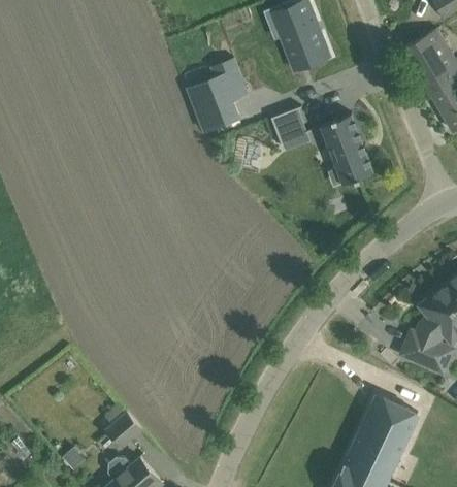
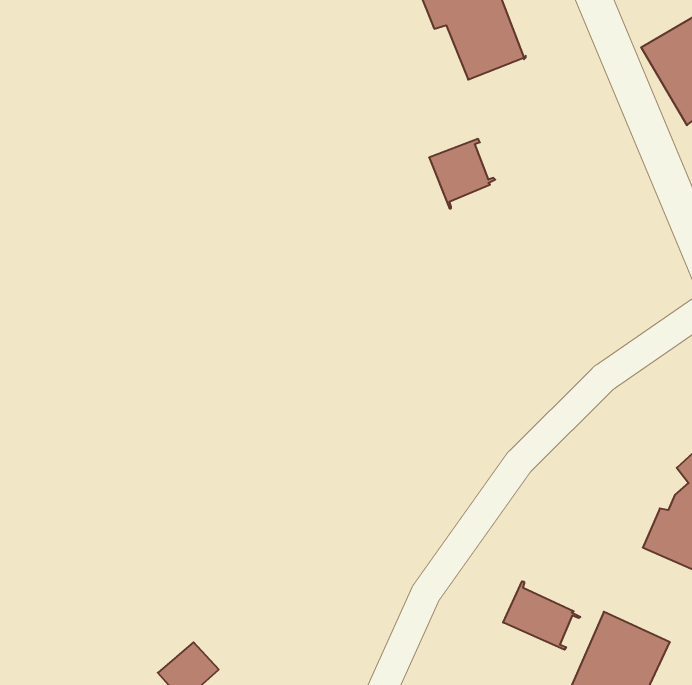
building: [187,56,248,129] -> none
building: [320,113,374,185] -> none
building: none -> [503,581,580,650]

